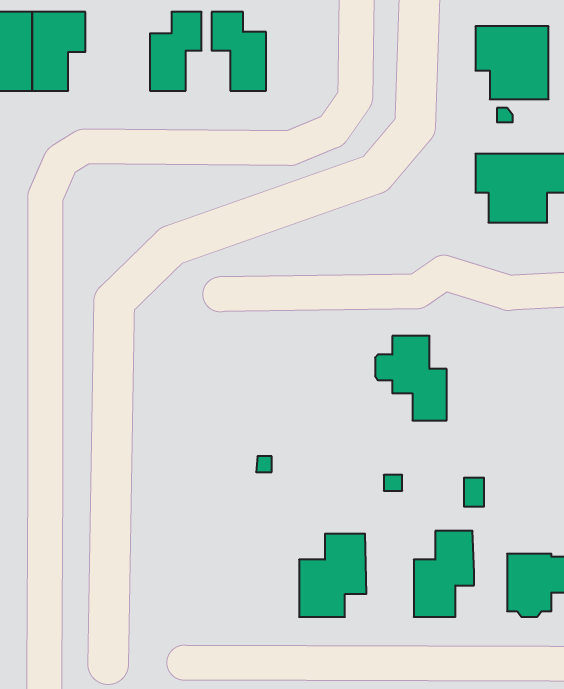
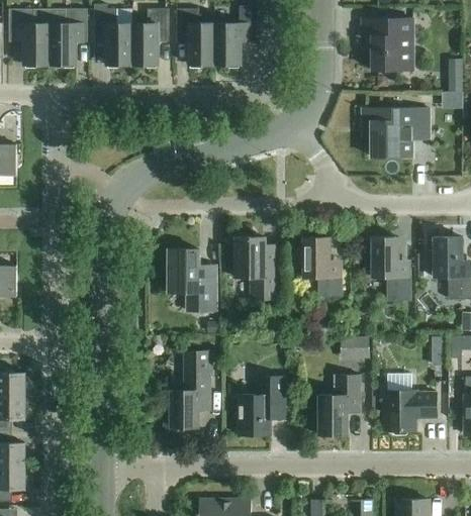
building: none -> [94,5,132,65]
building: none -> [214,7,251,65]
building: none -> [236,237,277,300]
building: none -> [372,237,410,301]
building: none -> [168,249,216,311]
building: none -> [168,351,210,431]

